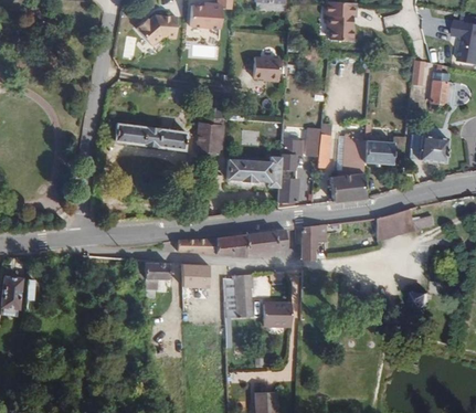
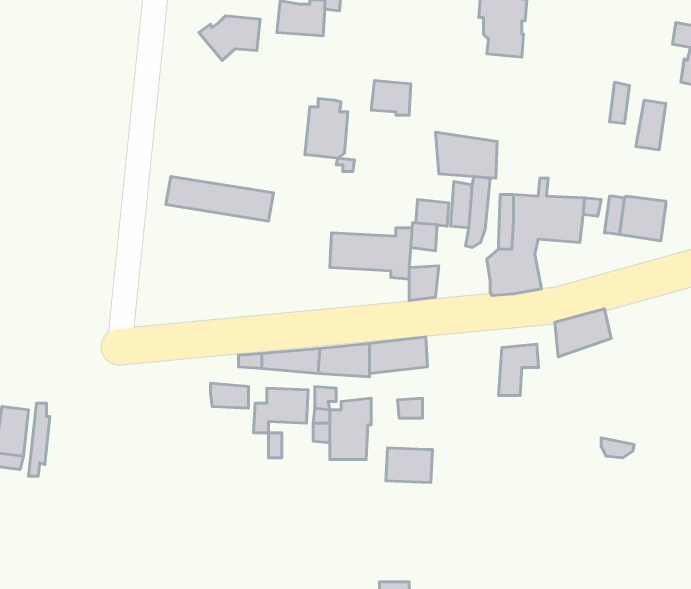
building: none -> [436,132,497,178]
building: [195,115,224,155] -> [305,99,348,158]
building: [303,224,329,258] -> [499,344,538,396]

